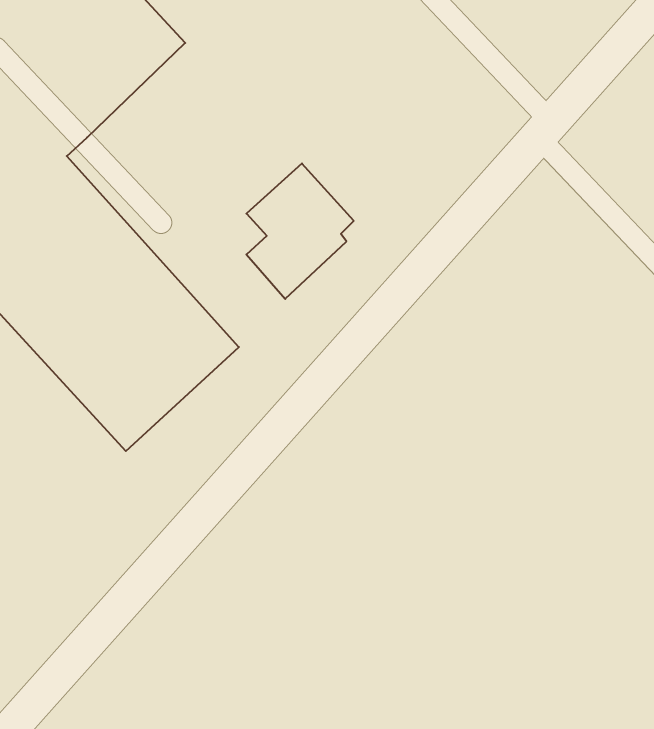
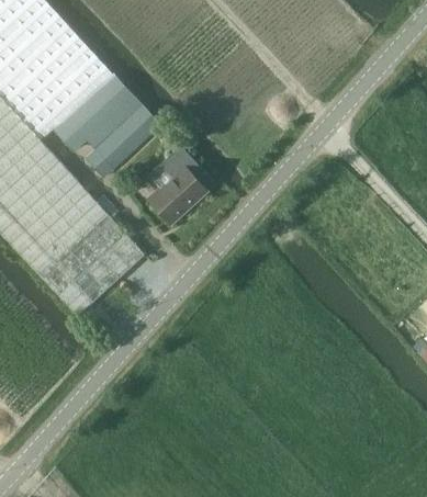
building: none -> [54,72,162,170]

